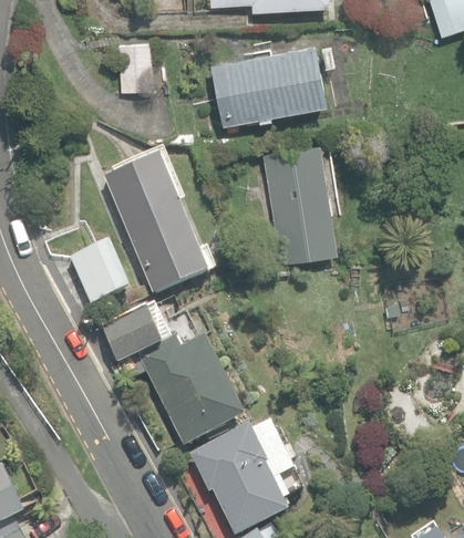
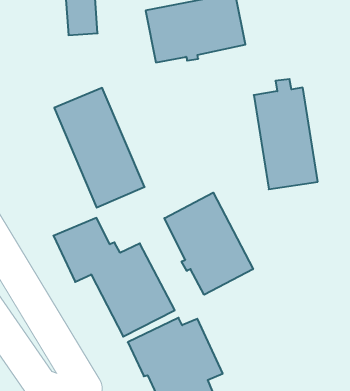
building: [262,133,338,262] -> [254,79,318,189]
building: [70,240,131,304] -> none
building: none -> [164,193,253,295]

